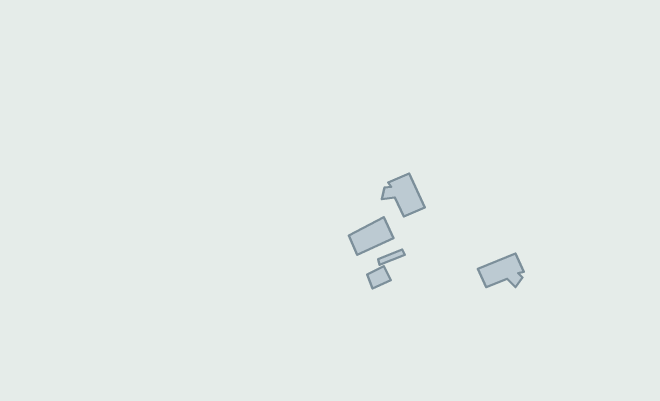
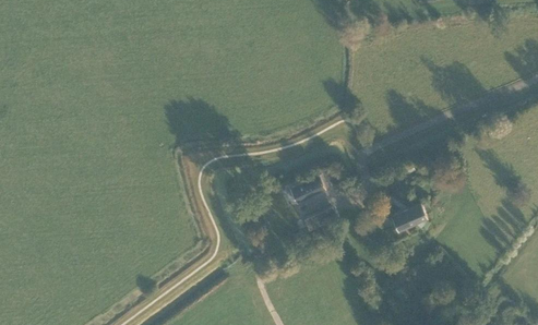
building: [382,174,425,216] -> none

